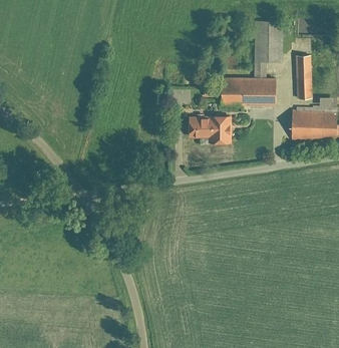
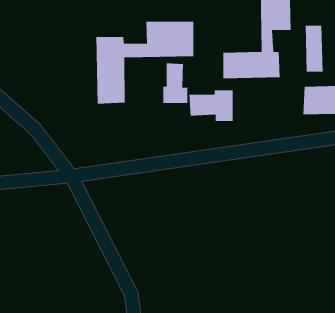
building: none -> [96,21,194,104]
building: none -> [163,63,188,104]

